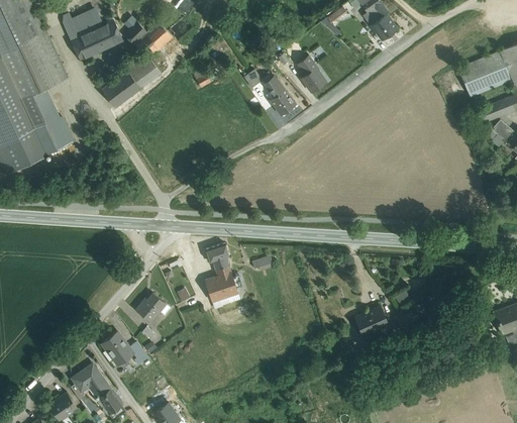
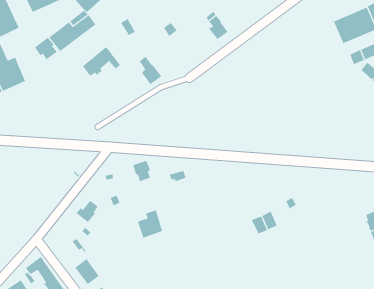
building: [267,80,296,116] -> [139,56,162,85]
building: none -> [34,37,57,60]
building: none -> [82,46,121,76]
building: [205,266,237,302] -> [137,209,163,238]
building: [102,331,133,364] -> [75,258,100,285]

